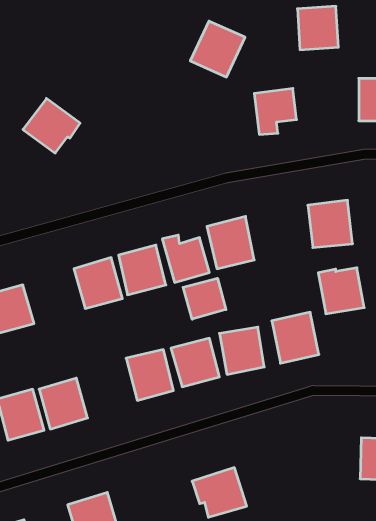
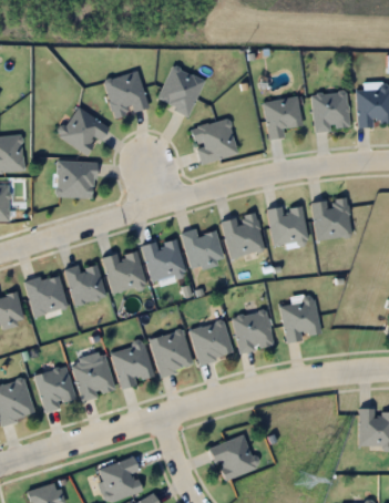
building: [297,6,338,50] -> [313,92,349,131]
building: [190,21,245,77] -> [156,65,205,115]
building: none -> [104,71,149,117]
building: none -> [191,119,237,164]
building: none -> [57,161,95,197]
building: [318,268,364,314] -> [267,205,308,246]
building: none -> [64,260,106,305]
building: [183,278,226,319] -> none
building: none -> [111,342,154,387]

